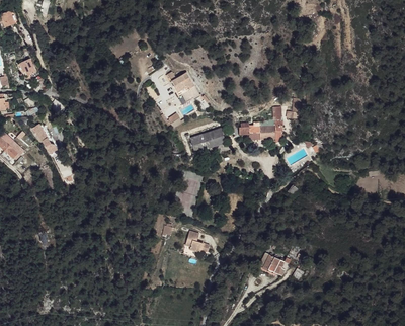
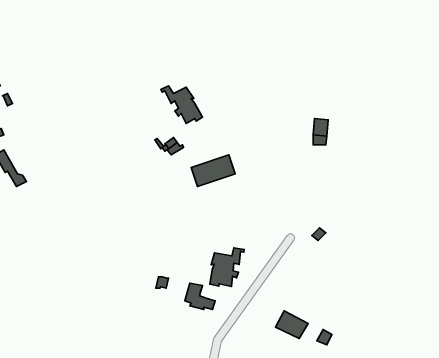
building: [238,120,284,142] -> none
building: none -> [210,248,244,286]

